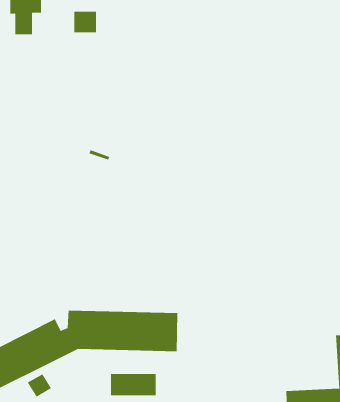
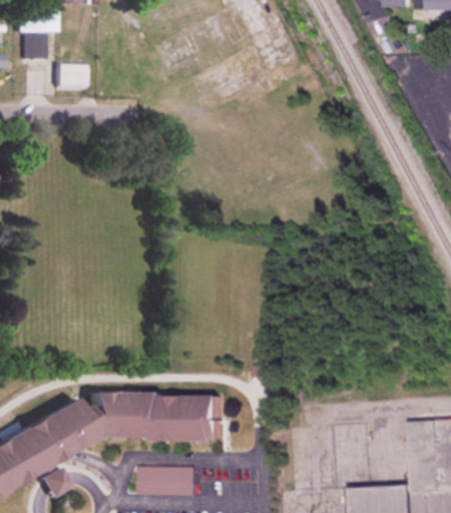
building: [74,11,97,33] -> [58,64,86,90]

